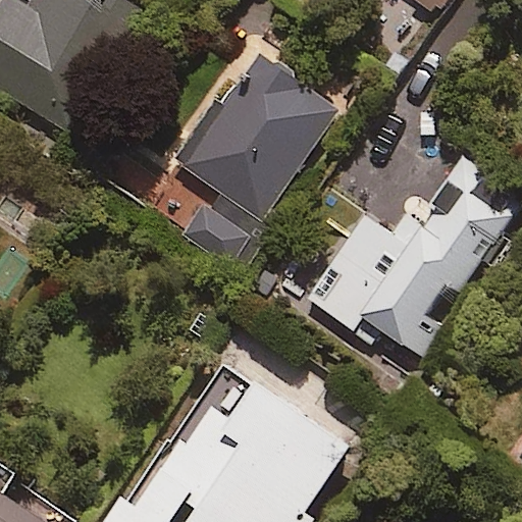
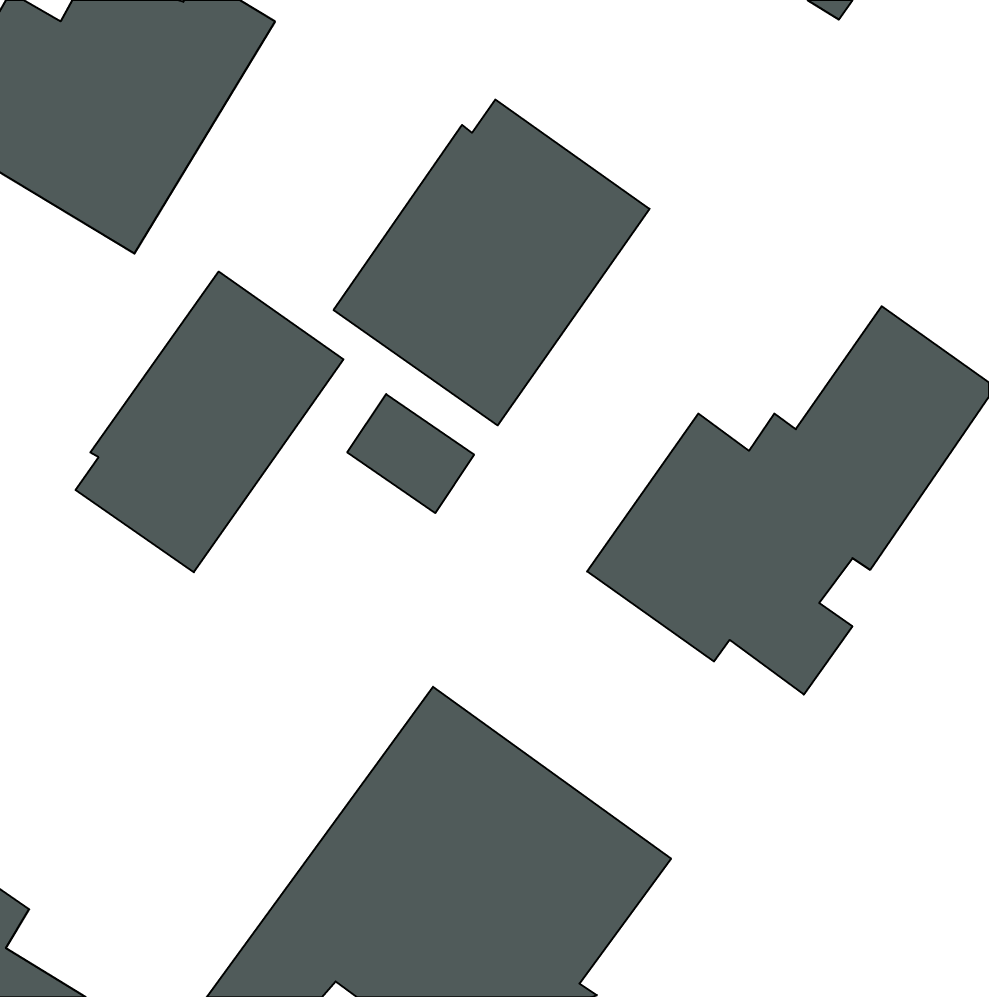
building: none -> [76,272,343,572]

